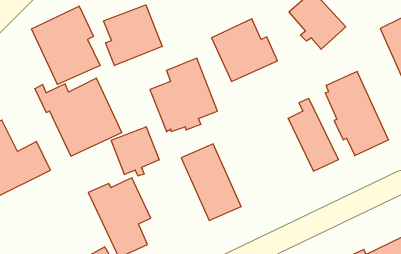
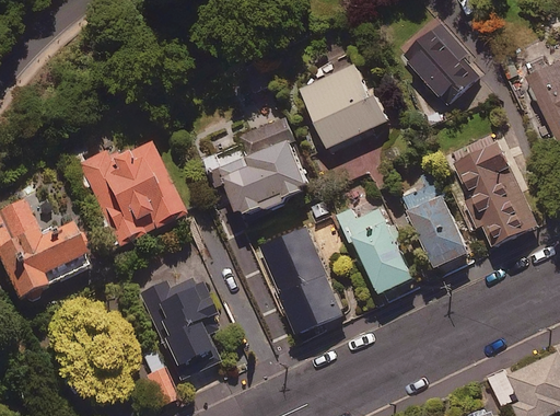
building: [104,5,162,66] -> none
building: [31,6,100,85] -> none
building: [111,127,159,176] -> none
building: none -> [337,213,416,299]

